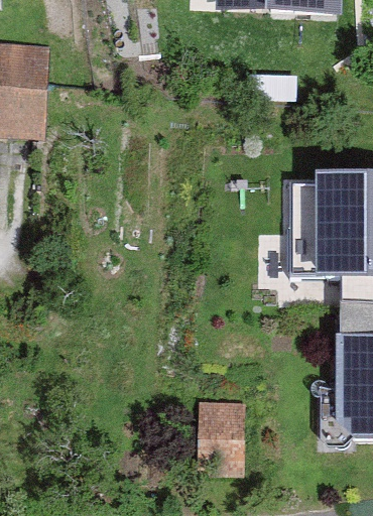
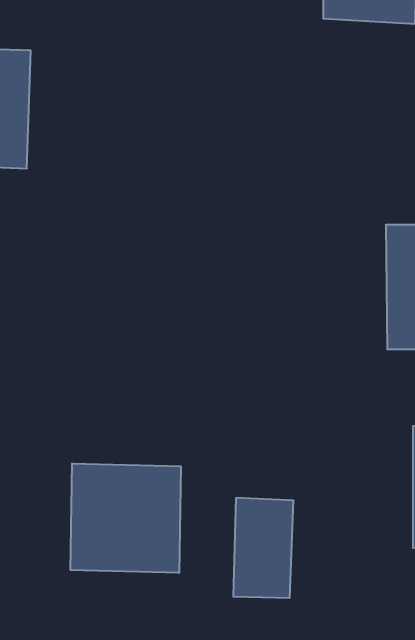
building: none -> [70,463,181,573]

